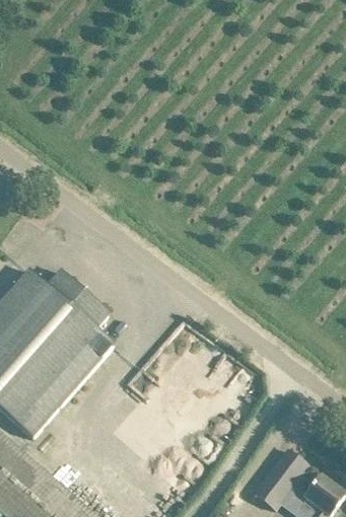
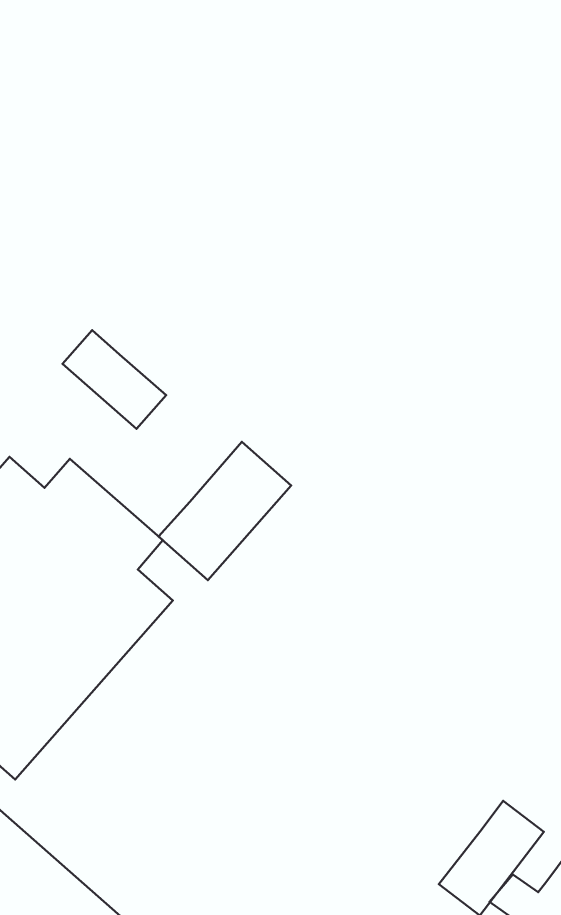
building: none -> [62,330,166,429]
building: none -> [159,442,291,580]

